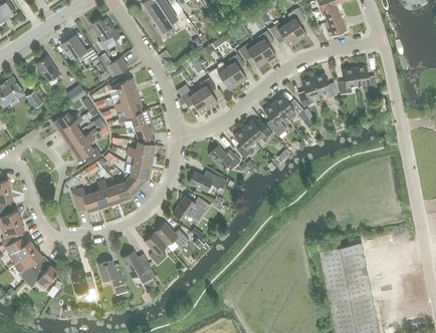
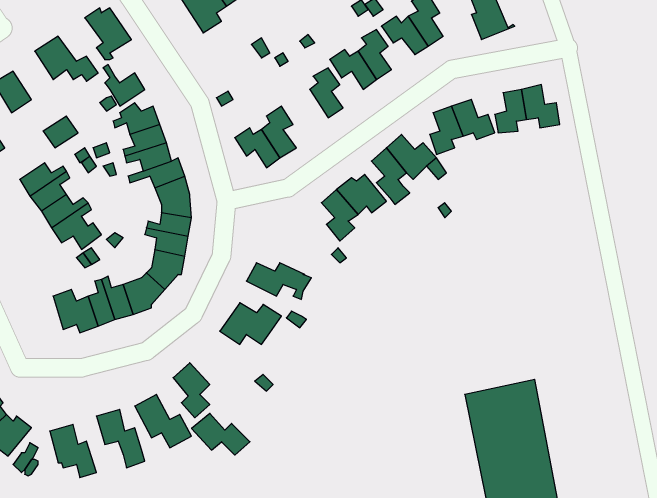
building: [209,60,237,89] -> none
building: [209,144,240,169] -> none
building: [154,222,189,247] -> [192,413,250,455]

